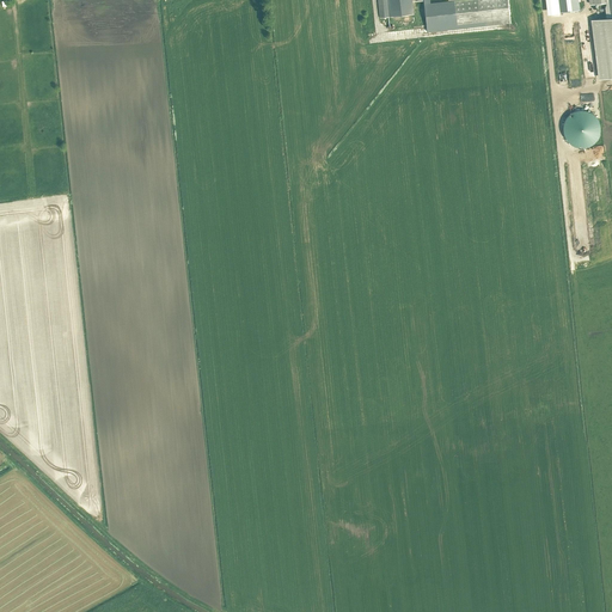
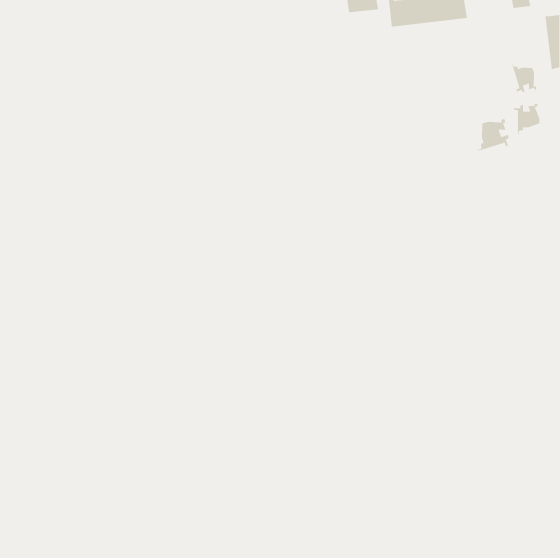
building: none -> [511,63,538,93]
building: none -> [477,118,509,152]

